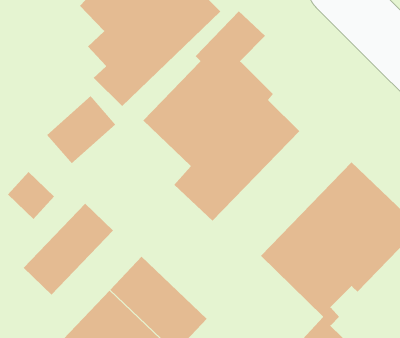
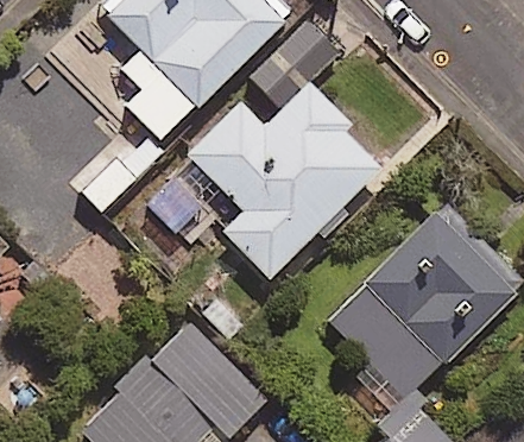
building: [23,203,114,296] -> none

